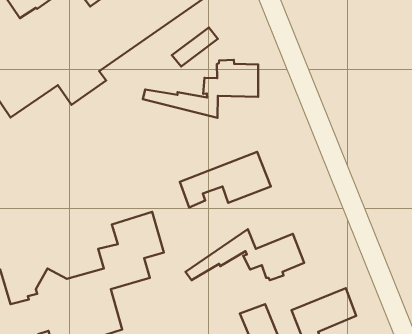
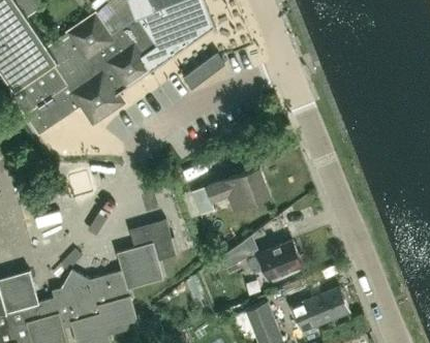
building: [143,60,258,118] -> none

